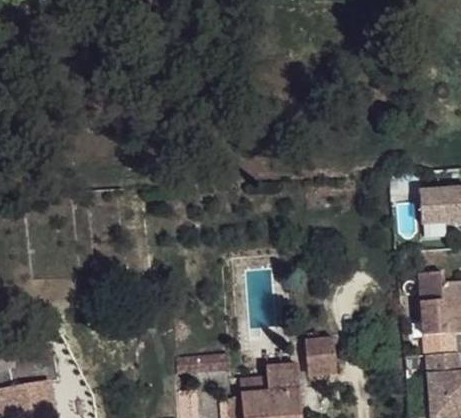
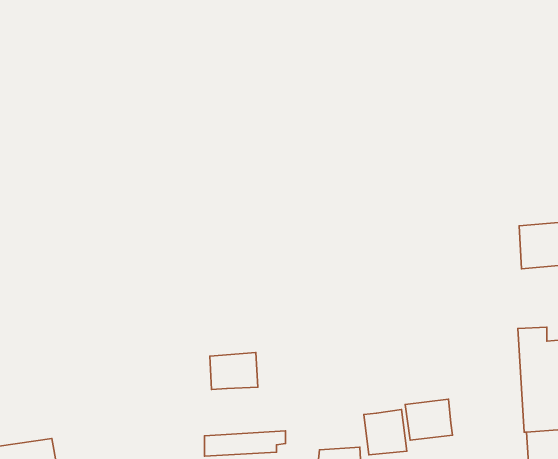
building: none -> [210,353,258,390]
building: none -> [405,399,453,440]

